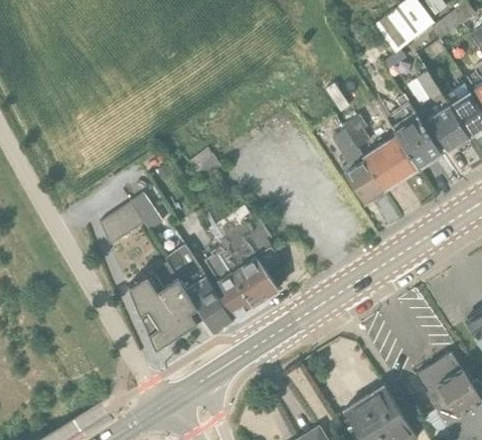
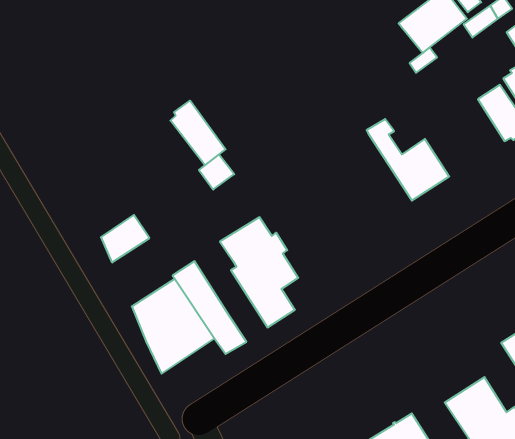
building: [409,70,470,148] -> none
building: [386,95,443,167] -> none
building: none -> [170,101,226,165]
building: [333,129,384,202] -> none
building: [131,193,163,231] -> none
building: [206,245,253,318] -> none

